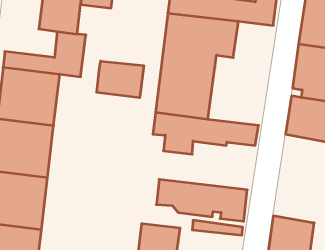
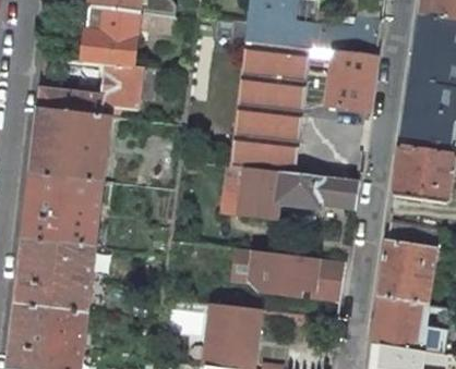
building: none -> [325,51,376,111]
building: [97,61,144,98] -> none
building: none -> [376,219,436,304]

